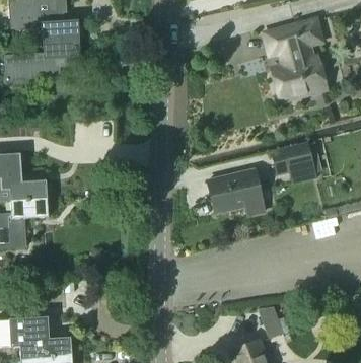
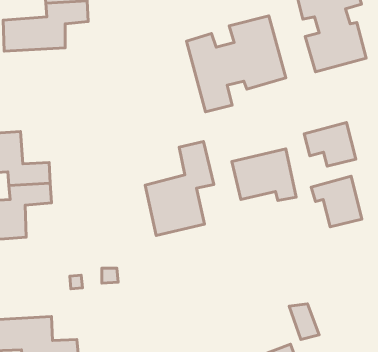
building: none -> [186,16,286,112]
building: none -> [145,142,214,235]
building: none -> [311,176,362,227]

